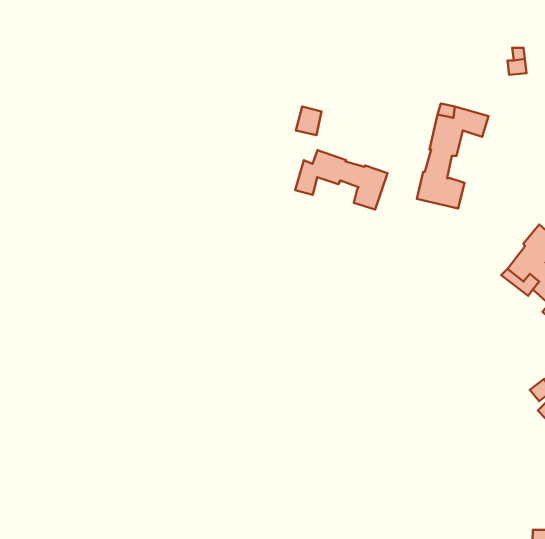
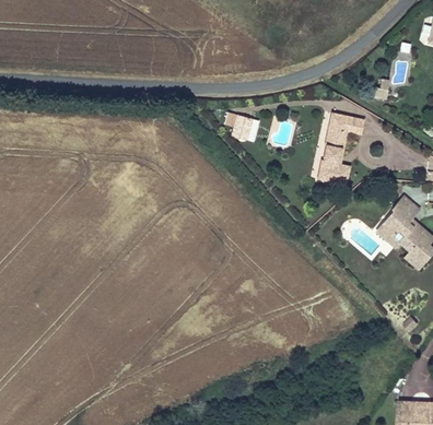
building: [295,150,387,210] -> none

